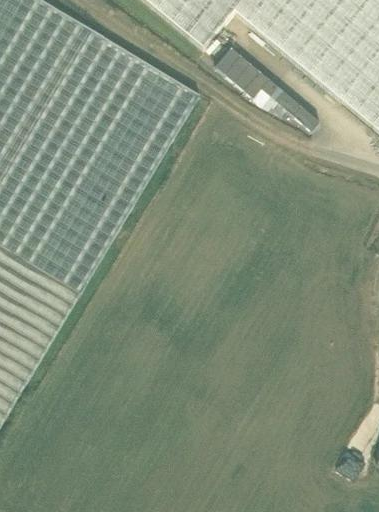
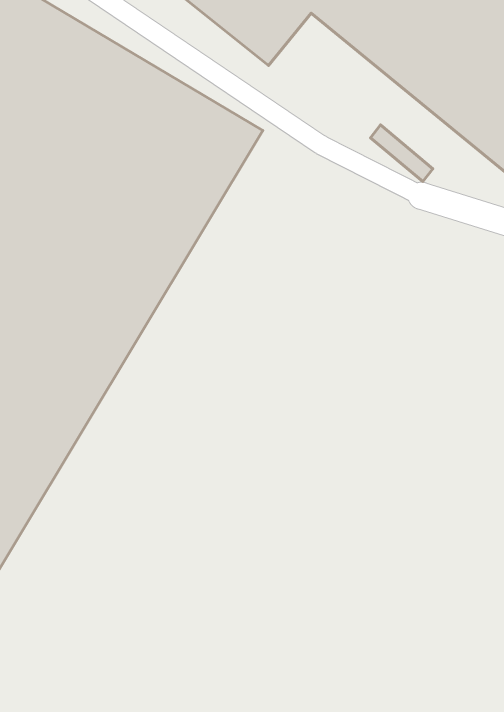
building: [216,47,278,98] -> none

